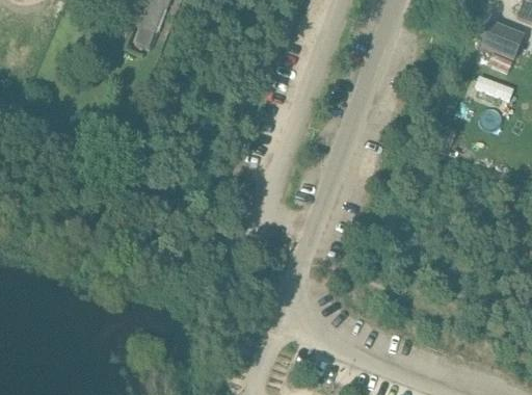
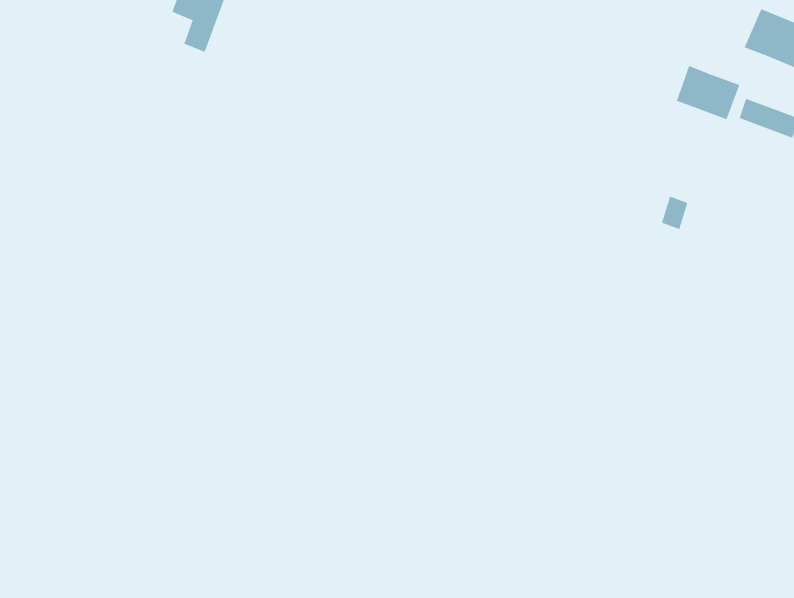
building: none -> [676,65,740,120]

